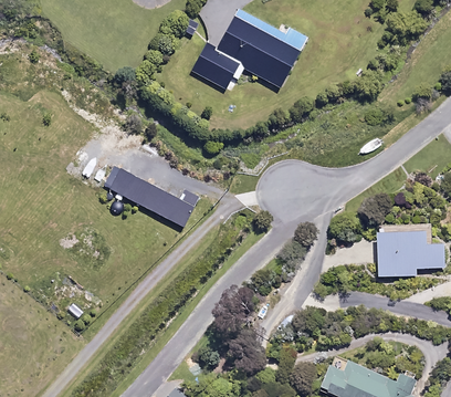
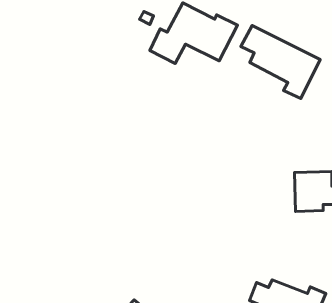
building: none -> [241,25,320,99]
building: [109,168,198,227] -> none

